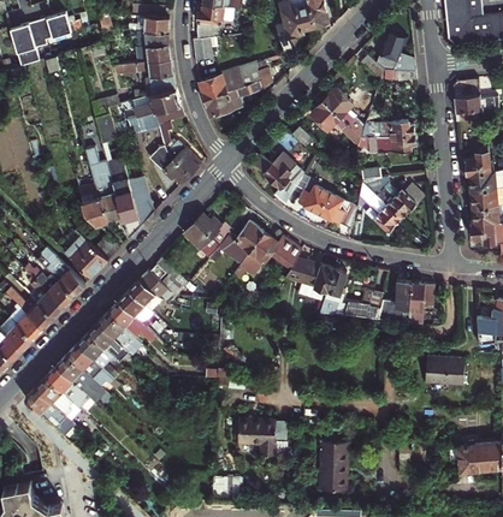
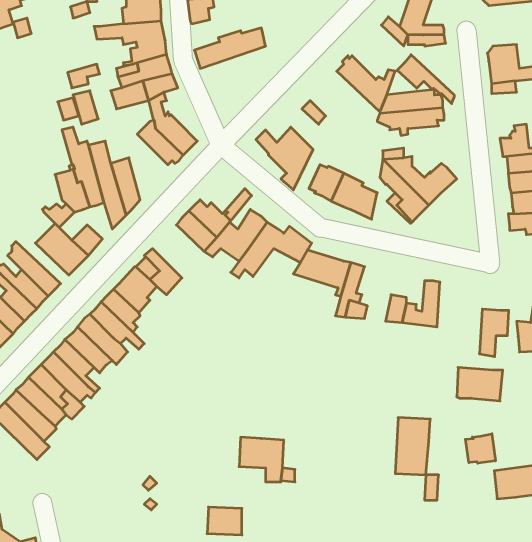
building: [205,63,271,117] -> none
building: [310,102,360,144] -> [397,55,454,104]
building: [409,284,434,325] -> [479,309,509,357]
building: none -> [465,434,495,463]
building: [314,440,344,489] -> [395,418,430,475]

